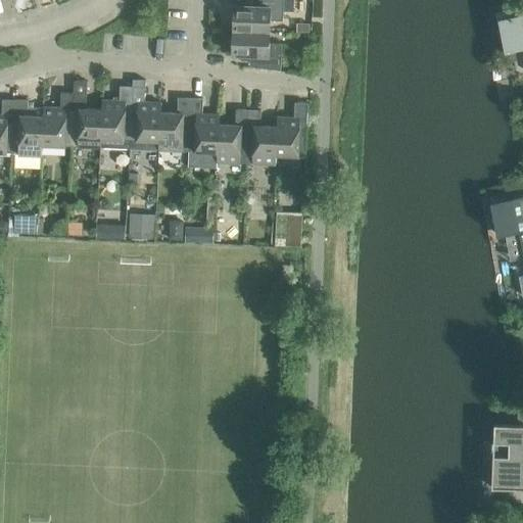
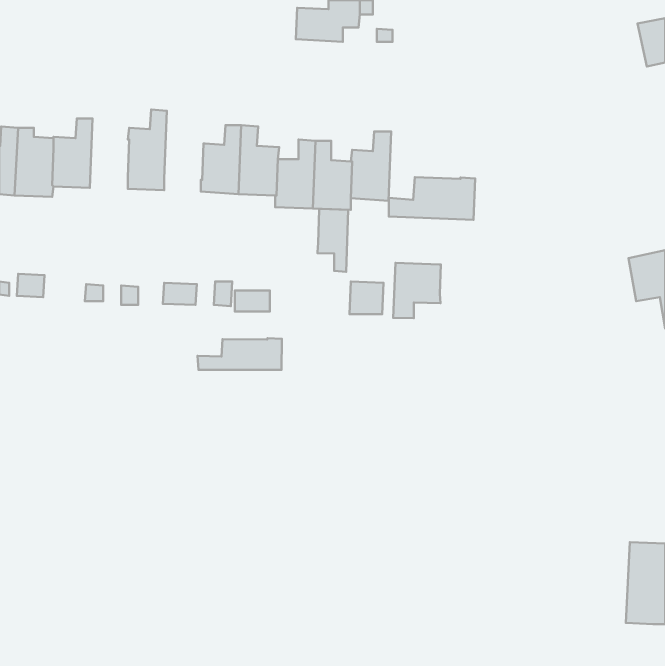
building: [231,31,280,70] -> none
building: [129,80,160,141] -> none
building: [70,93,101,148] -> none
building: none -> [389,177,475,220]
building: none -> [317,209,348,272]
building: none -> [393,263,441,318]
building: none -> [198,338,282,370]

